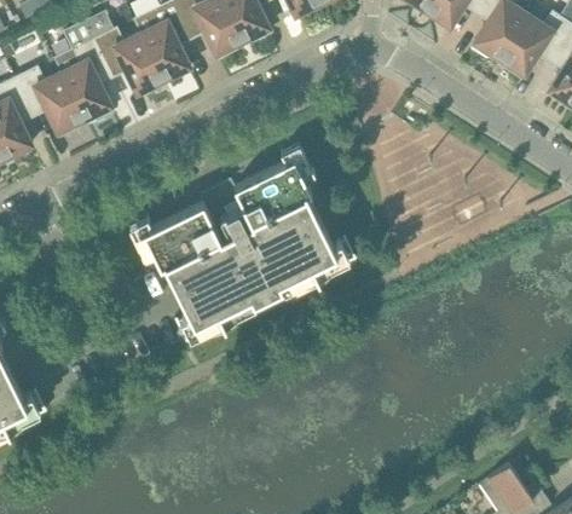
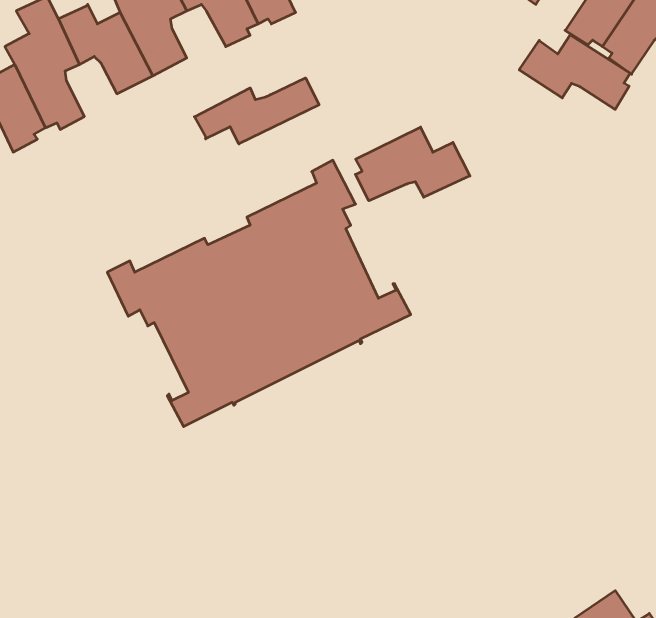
building: none -> [519,35,630,109]
building: none -> [194,78,319,144]
building: none -> [355,127,470,201]

